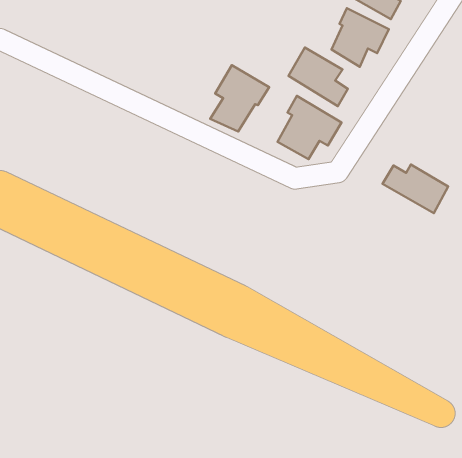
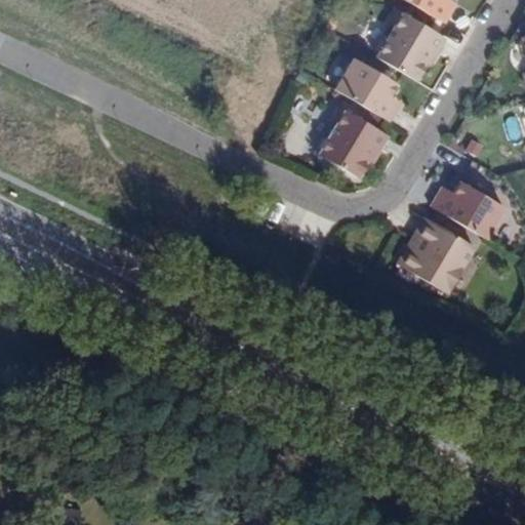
building: [210,65,269,131] -> none
building: none -> [401,217,480,298]

